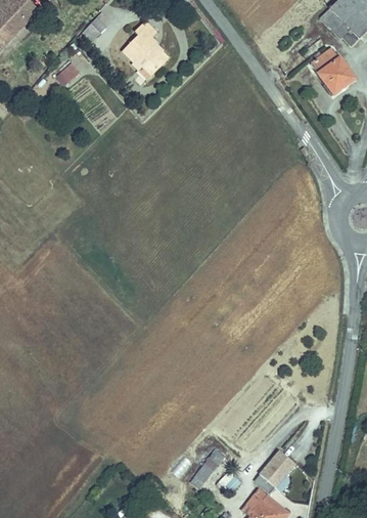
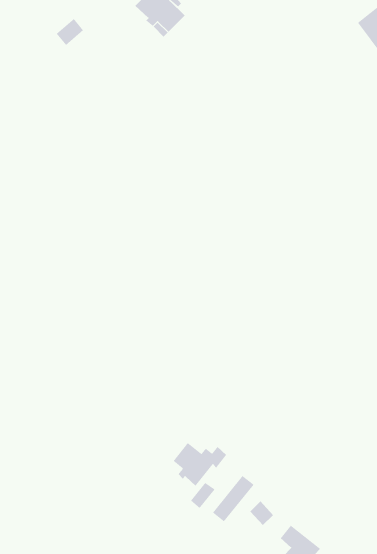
building: none -> [173,442,227,486]
building: [257,449,294,489] -> none

